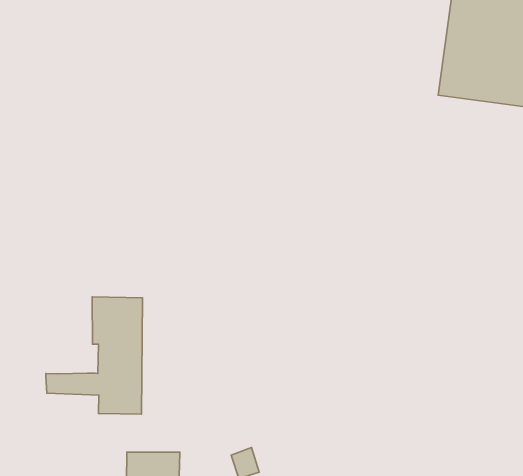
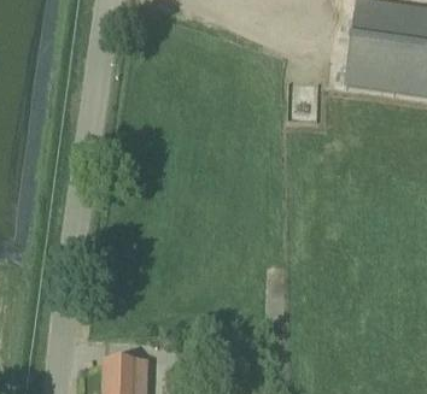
building: [46,297,143,414] -> none

